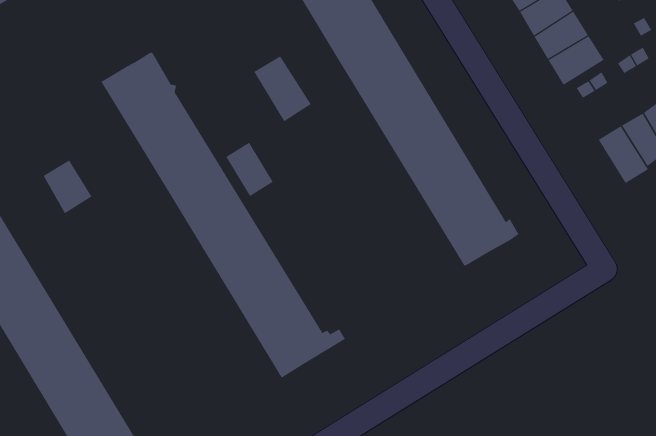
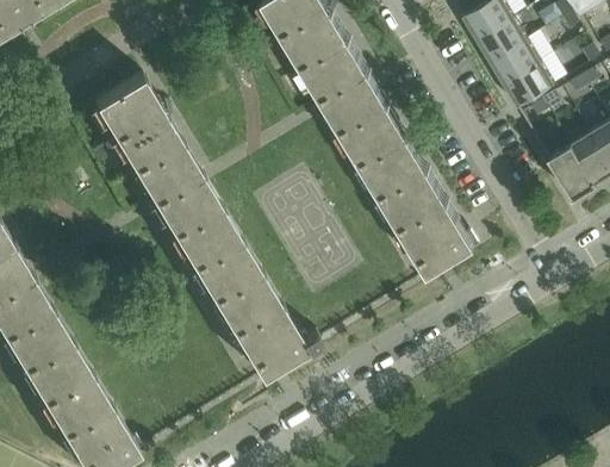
building: [253,56,311,122] -> none
building: [226,142,274,197] -> none
building: [43,160,92,214] -> none

